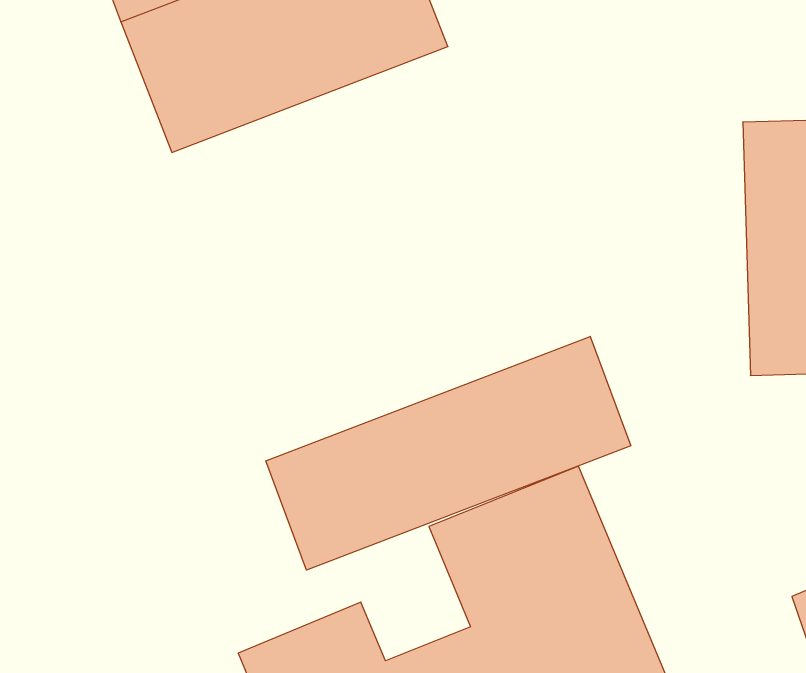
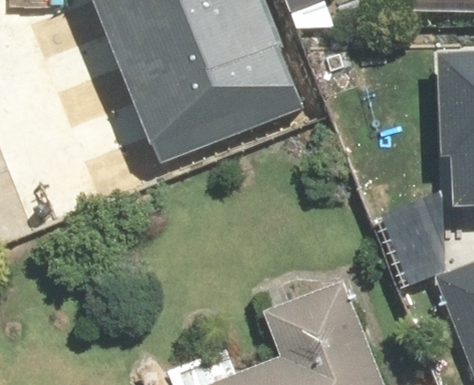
building: none -> [132,42,304,166]
building: [266,336,631,570] -> none

